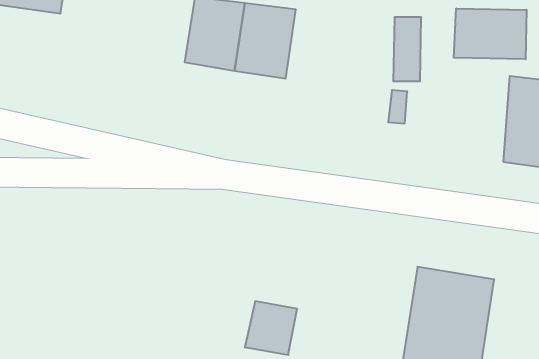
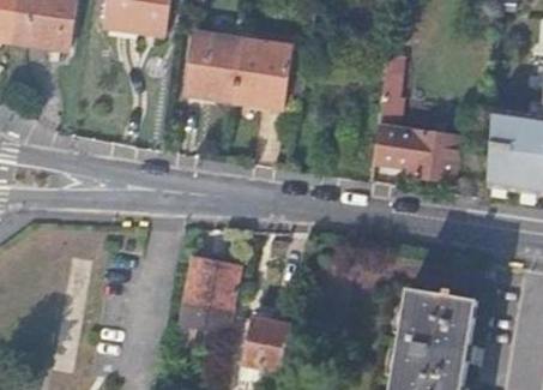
building: [454,8,527,59] -> none
building: none -> [409,130,460,180]
building: none -> [182,256,241,330]

